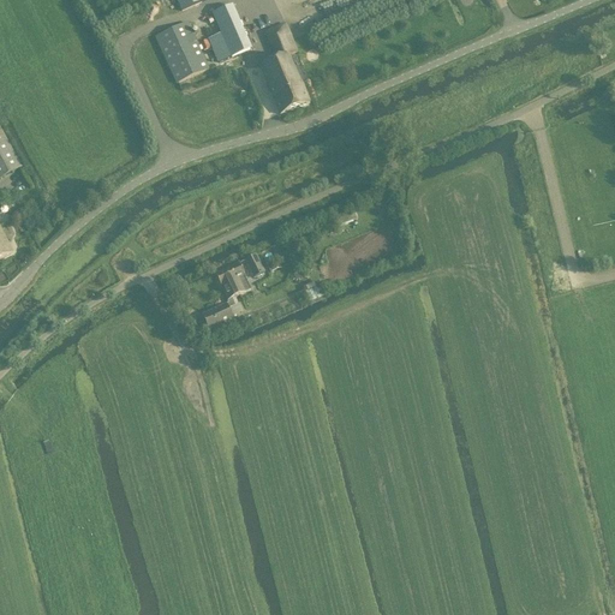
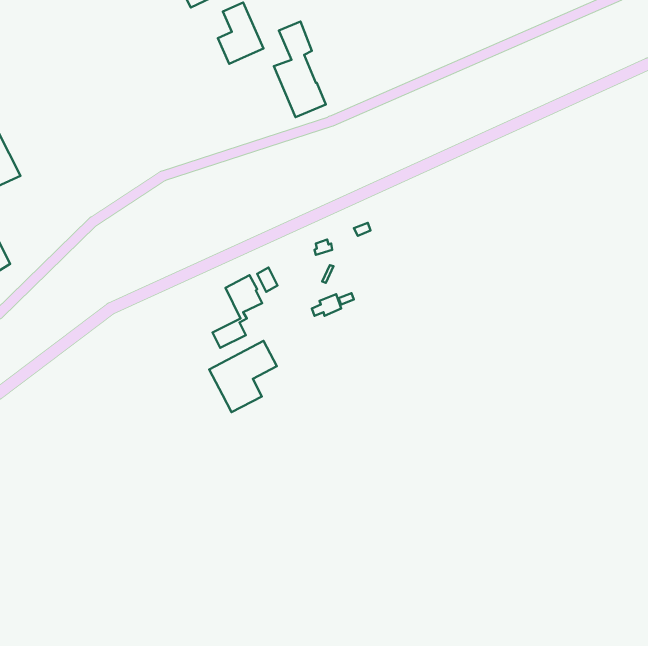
building: [154,19,207,79] -> none
building: none -> [209,341,277,412]

